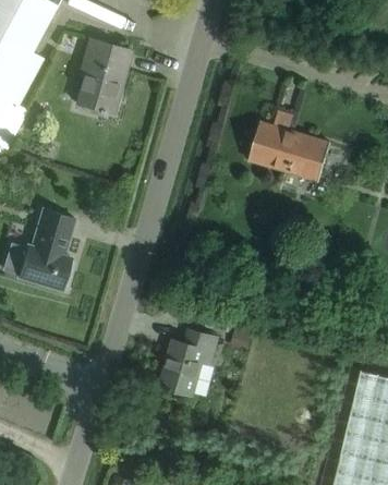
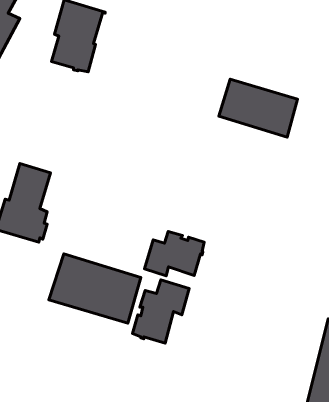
building: none -> [145,231,204,276]
building: none -> [49,254,141,323]

